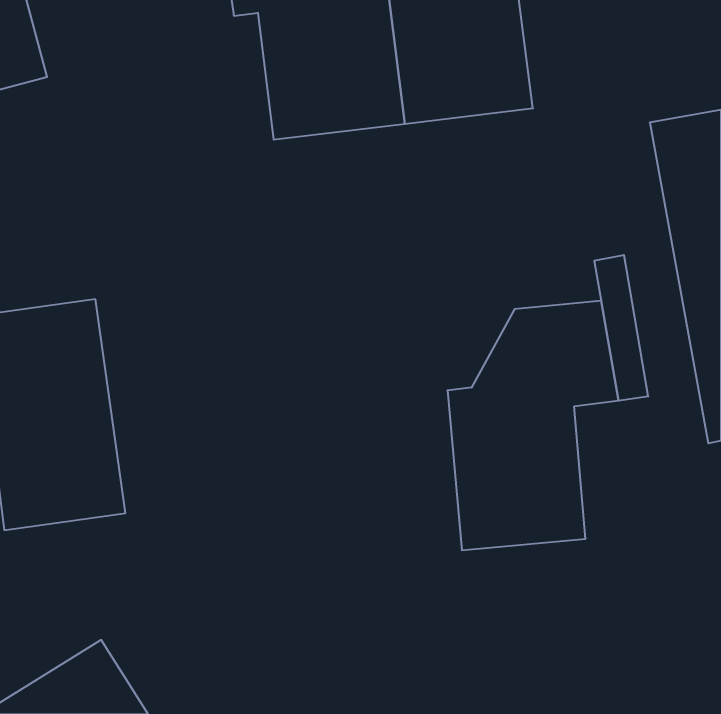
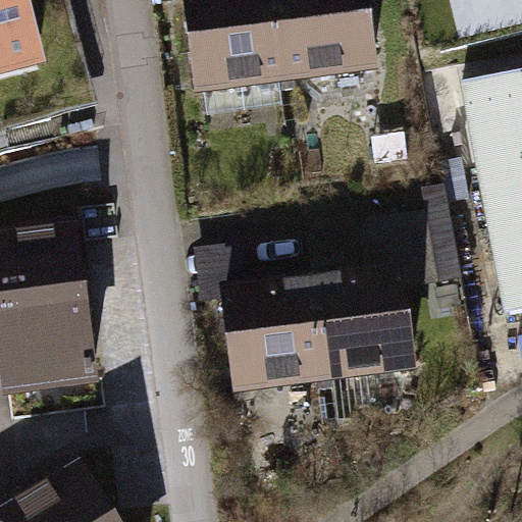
building: none -> [199,247,330,402]

